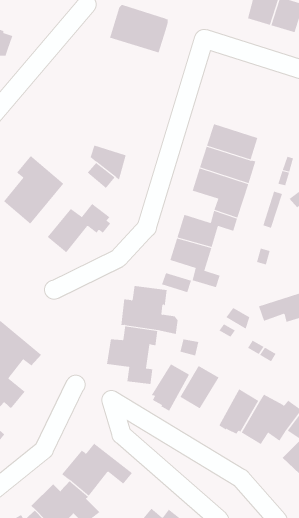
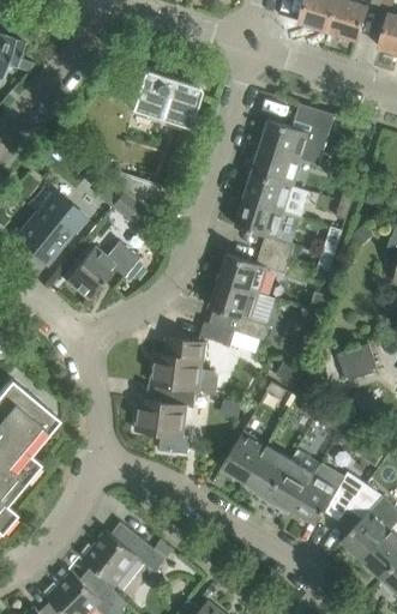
building: [109,4,168,53] -> [131,72,200,130]
building: none -> [260,104,335,165]
building: [151,363,190,411] -> [245,446,290,502]

